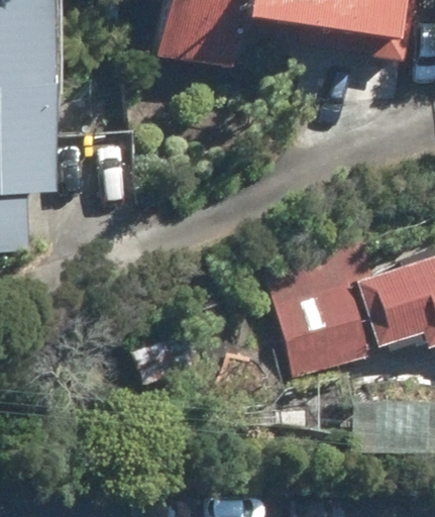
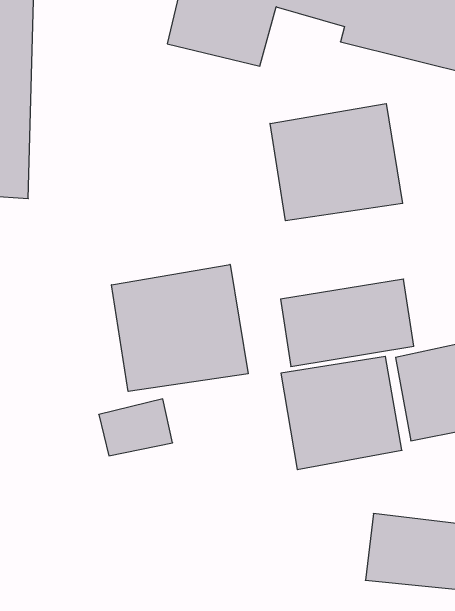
building: none -> [270,104,403,221]
building: none -> [112,264,248,391]

